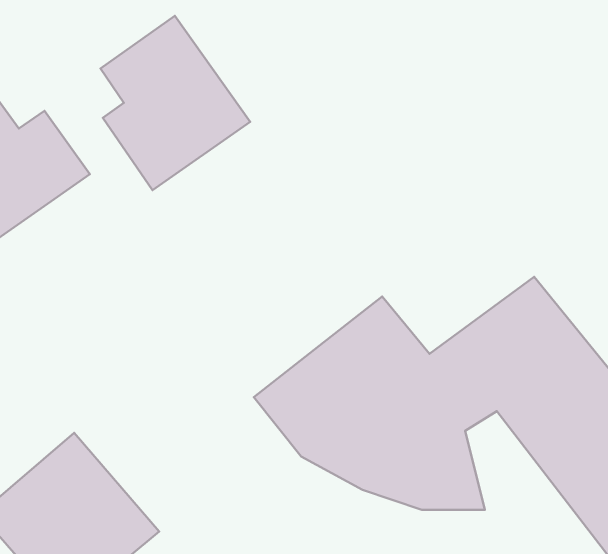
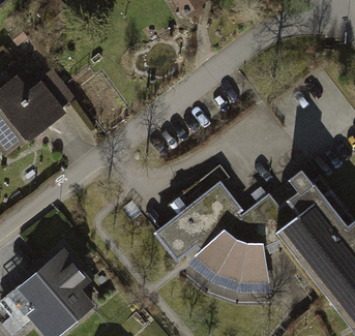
building: [100,16,250,190] -> none

